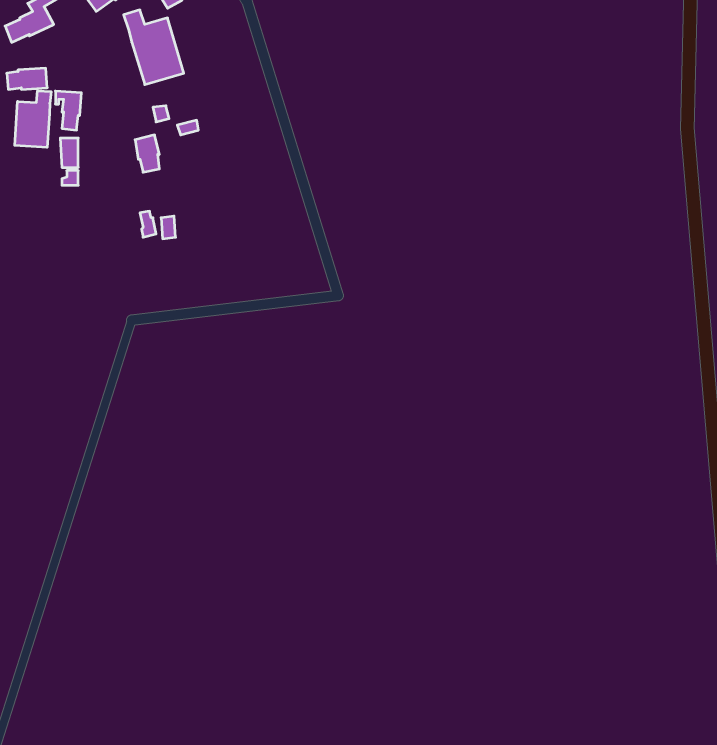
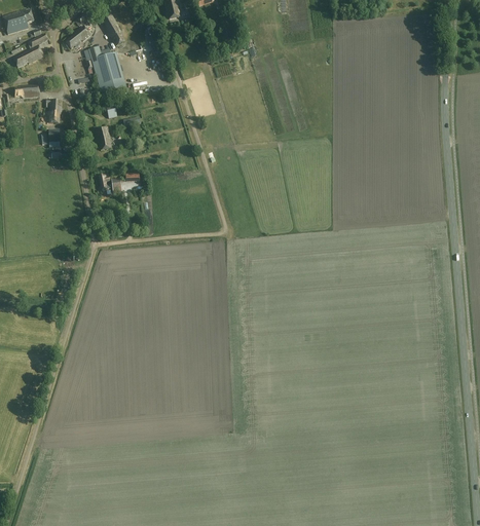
building: [15,91,51,147] -> none

